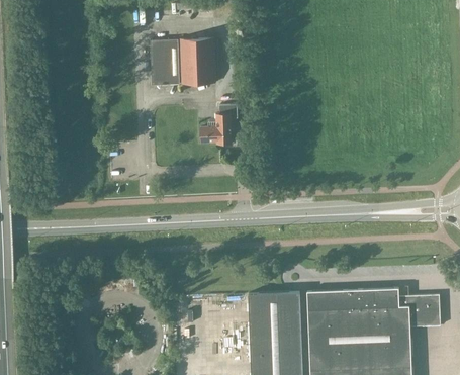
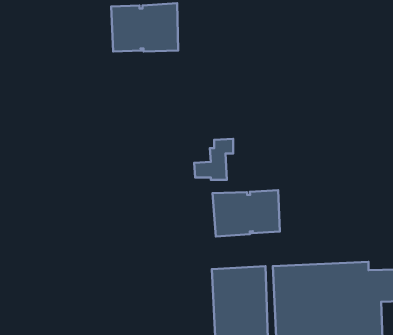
building: [201,105,239,145] -> [194,139,233,180]
building: none -> [213,190,280,236]

